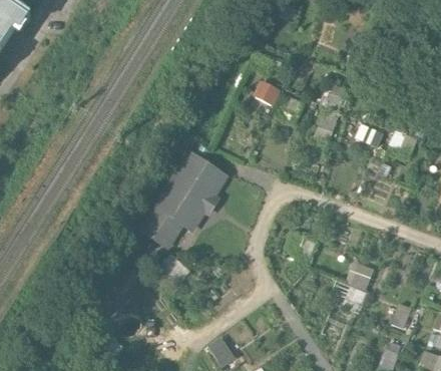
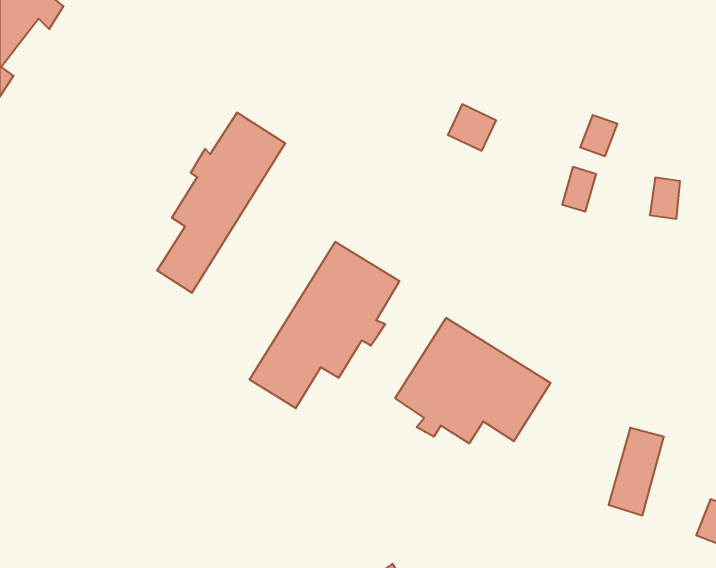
building: none -> [157,112,285,293]
building: none -> [395,318,551,444]

